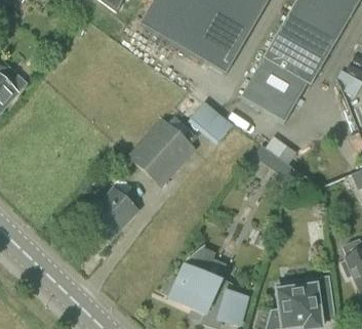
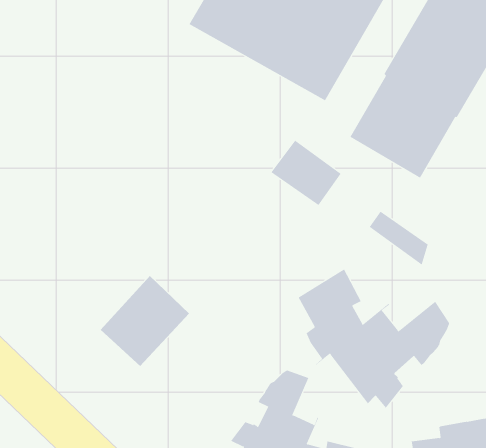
building: [126,116,197,187] -> none
building: none -> [298,268,450,408]

